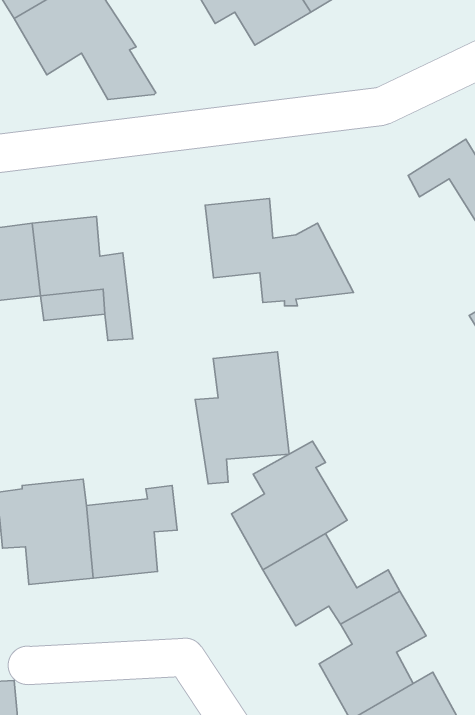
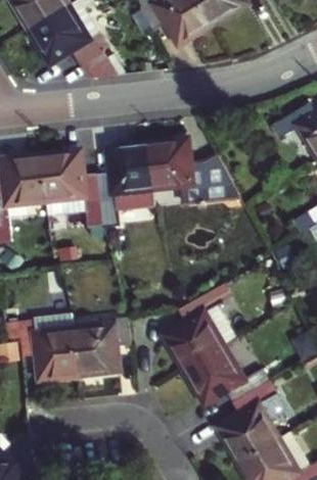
building: [195,352,289,484] -> [96,143,154,225]

